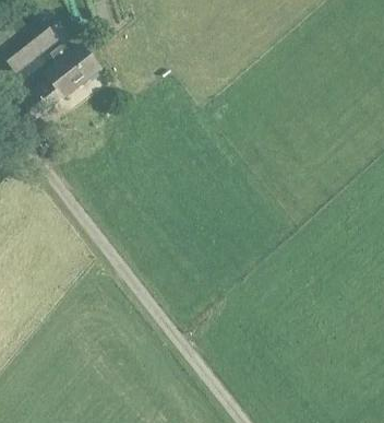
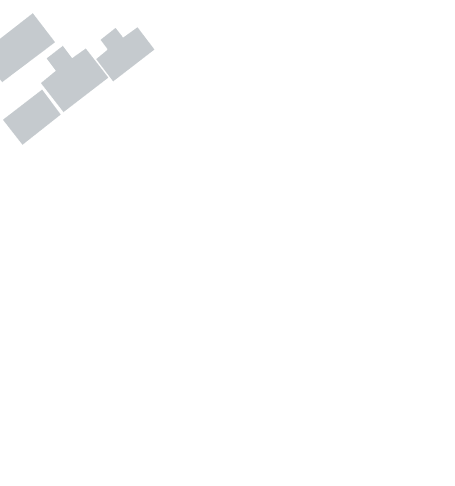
building: none -> [95,26,156,83]

